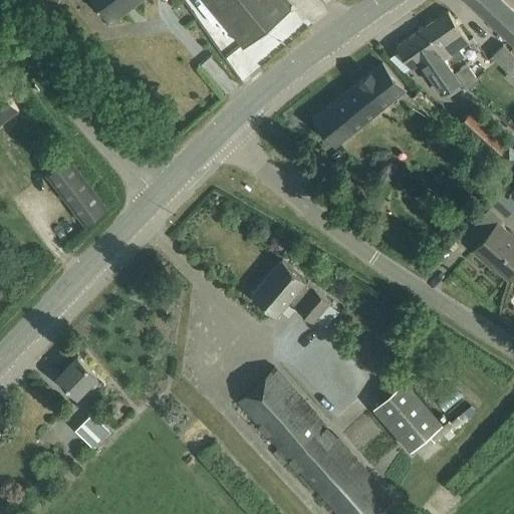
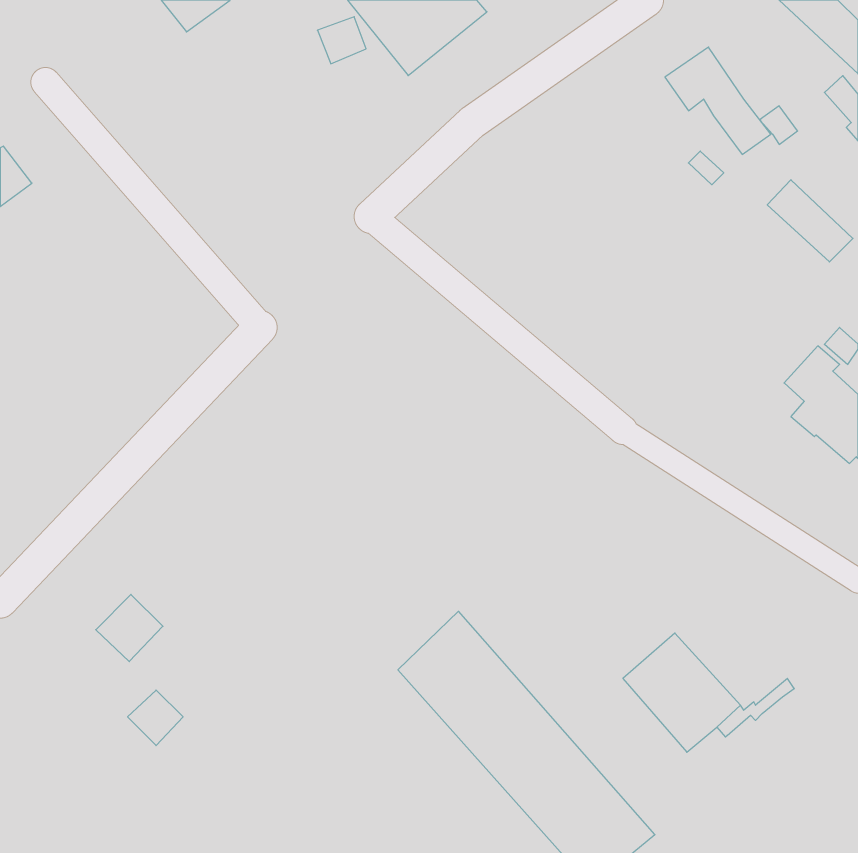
building: [424,14,470,63] -> none
building: [313,65,404,148] -> none
building: [47,158,107,226] -> none
building: [253,261,332,323] -> none

